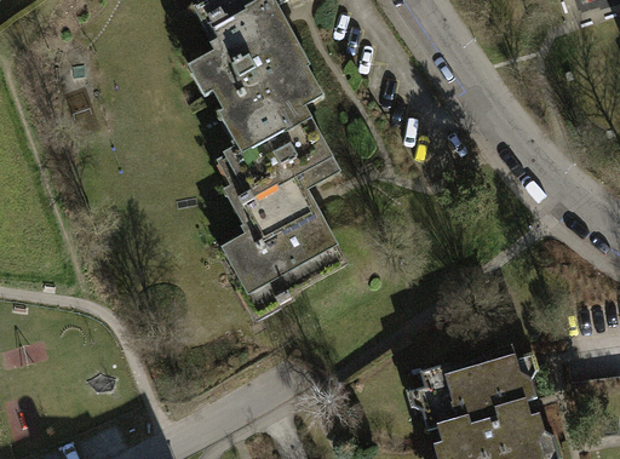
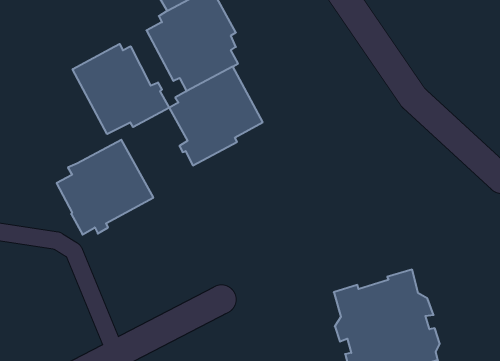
building: none -> [73,44,169,134]
building: [229,191,343,303] -> [57,140,153,235]

